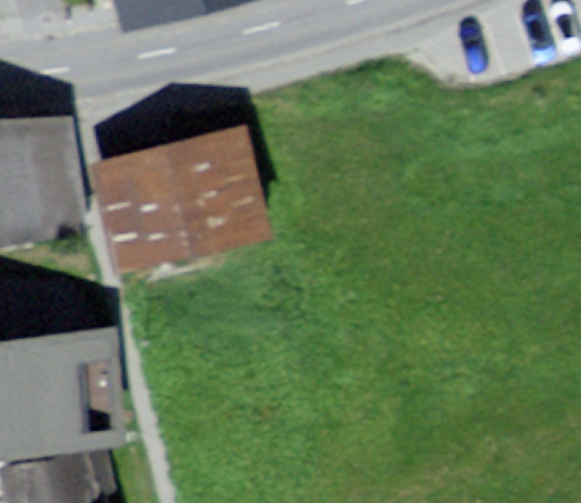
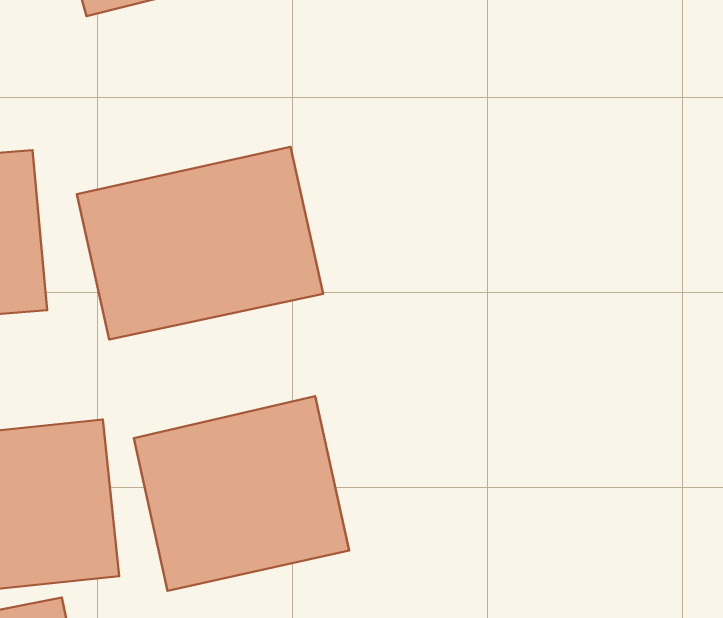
building: none -> [134,396,349,591]

